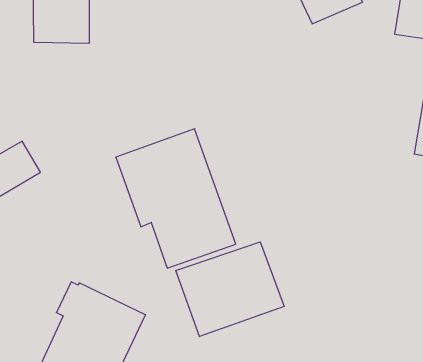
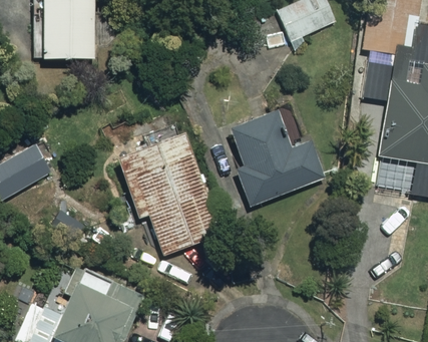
building: none -> [231,110,326,206]
building: [176,242,284,337] -> none

